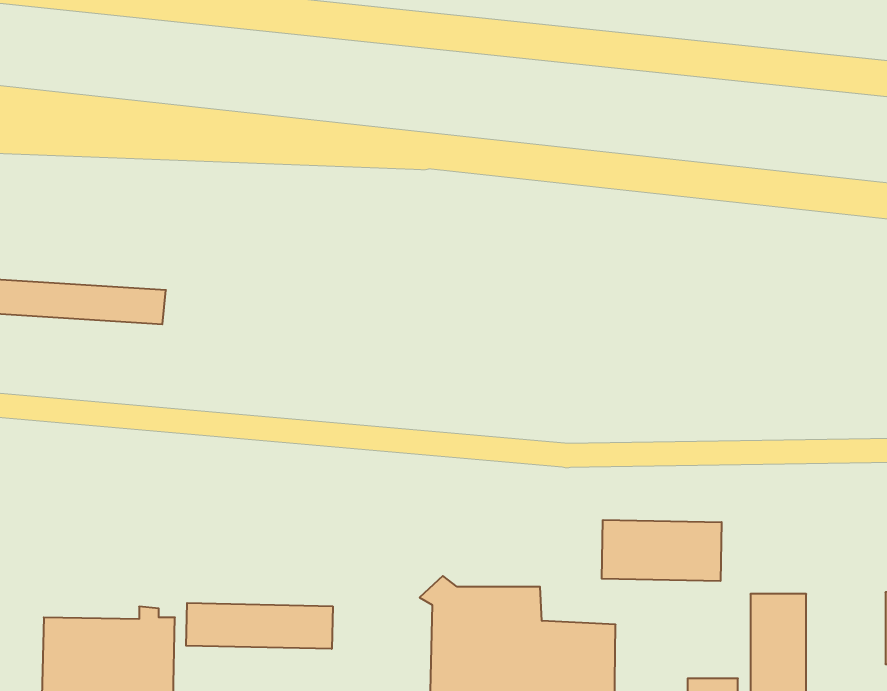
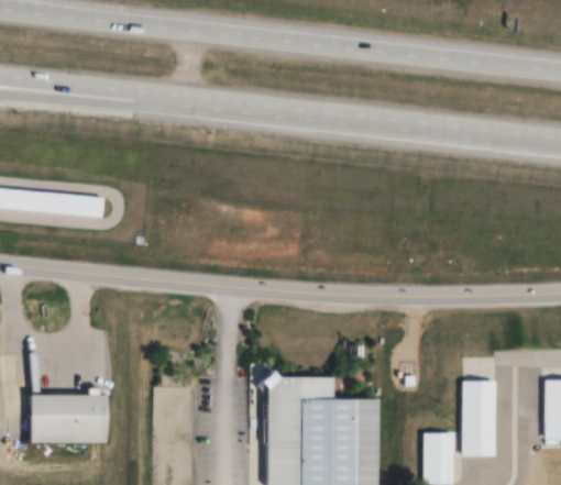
building: [602,520,722,581] -> none
building: [186,603,333,649] -> none

